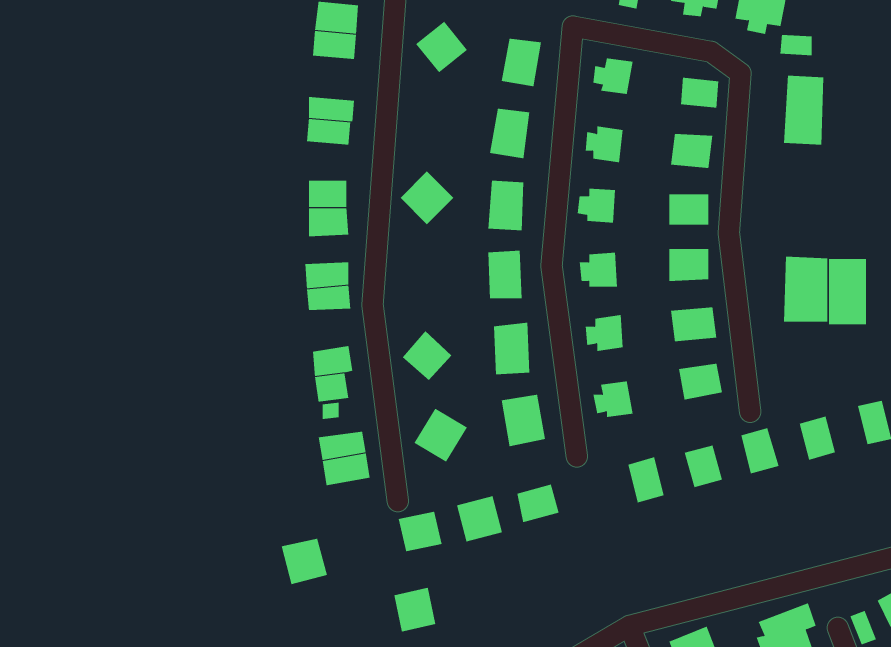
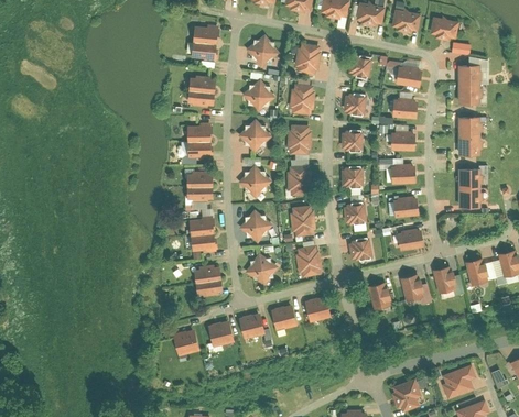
building: none -> [244,80,273,110]
building: none -> [240,165,271,197]
building: [828,259,867,325] -> [459,118,482,155]
building: [393,587,436,632] -> [208,320,233,345]

